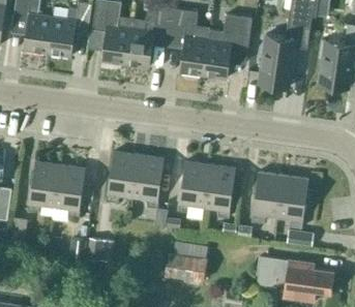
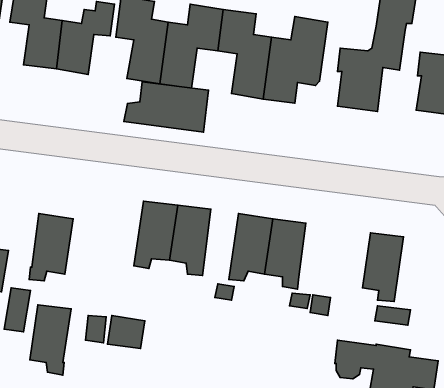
building: none -> [124,82,209,132]
building: [54,165,85,218] -> [30,305,71,375]
building: [252,172,284,222] -> none
building: [165,241,207,281] -> none

